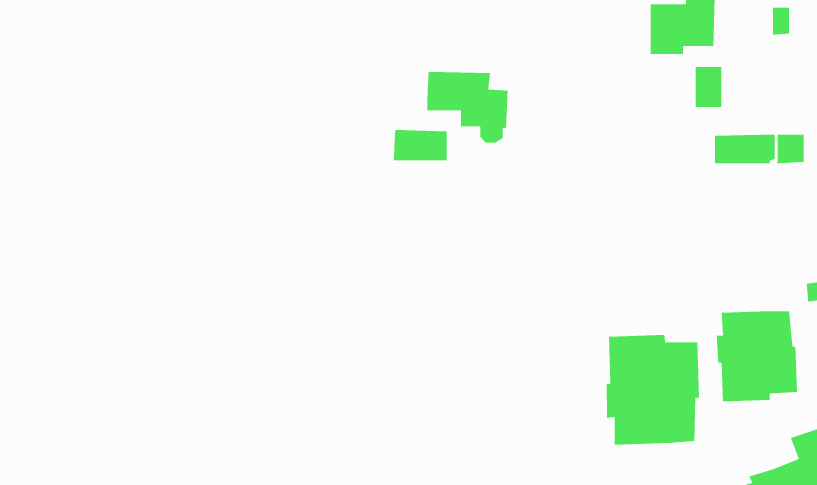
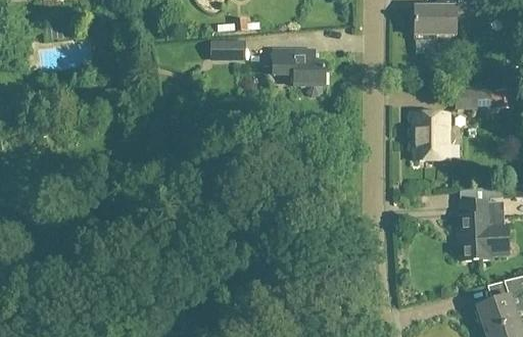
building: [393,129,448,161] -> [210,38,245,58]
building: none -> [415,112,456,158]
building: [606,334,700,445] -> none

